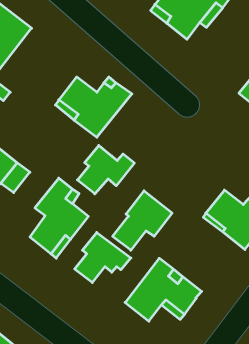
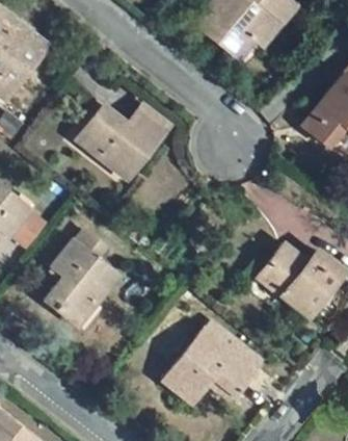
building: [77,145,134,194] -> none
building: [113,191,172,250] -> none
building: [75,232,131,283] -> none

